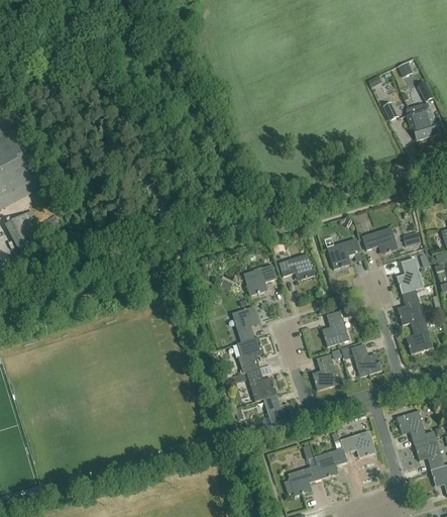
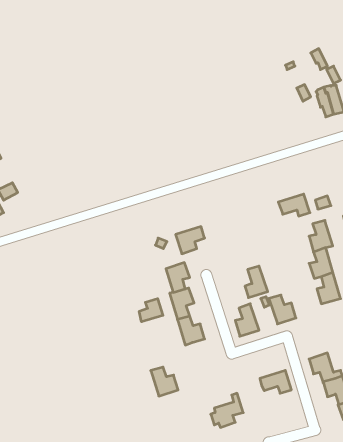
building: [327,238,360,269] -> none
building: [278,253,314,281] -> none
building: none -> [139,299,163,322]
building: [262,394,294,427] -> [151,367,178,396]
building: [314,447,347,479] -> none

